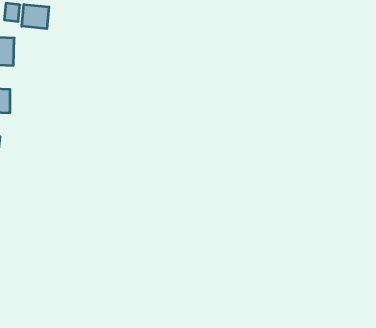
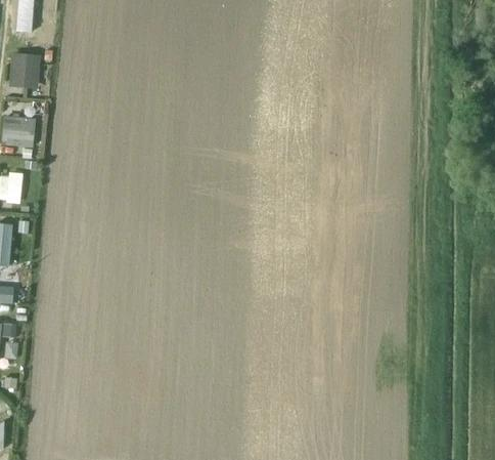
building: [22,4,49,29] -> none

